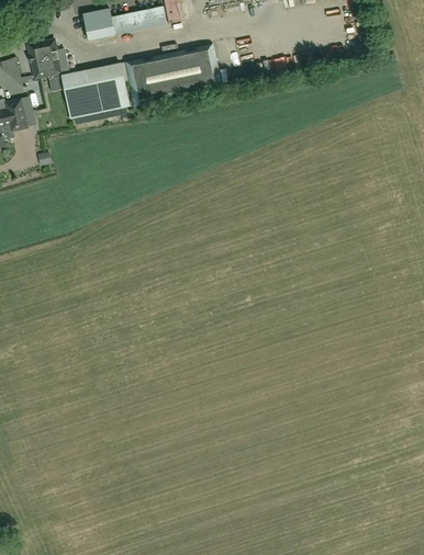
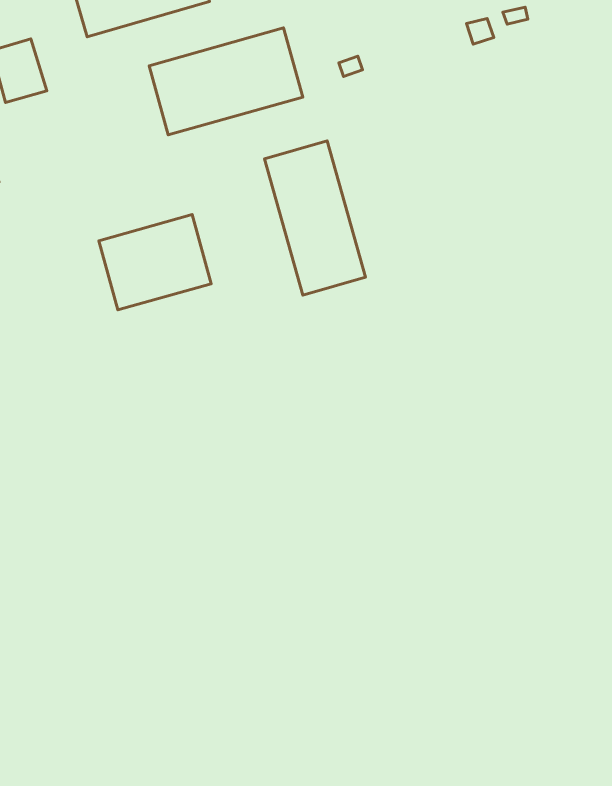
building: [63,63,131,118] -> [99,215,211,310]
building: none -> [265,141,365,295]

